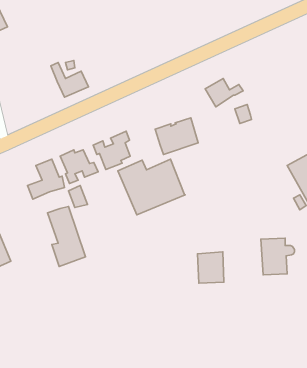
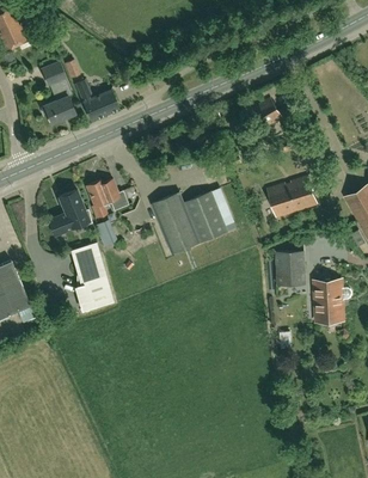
building: none -> [41,62,74,123]
building: [155,118,198,154] -> [268,176,317,217]
building: [93,131,130,170] -> none
building: [198,252,224,283] -> [276,250,306,286]

